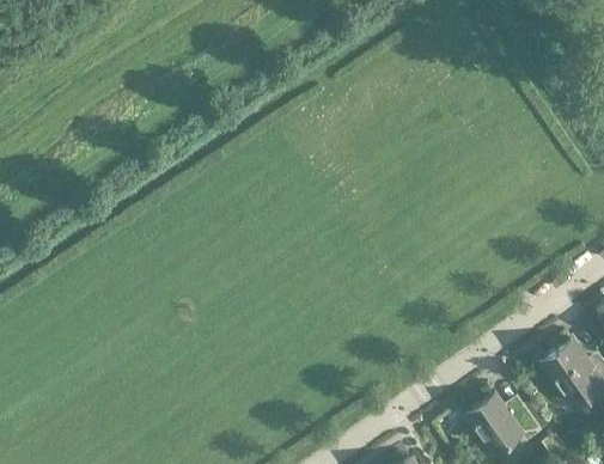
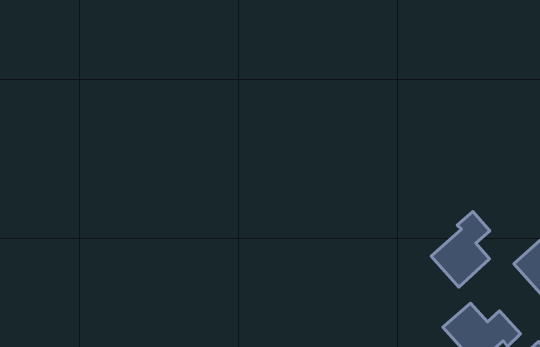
building: none -> [431,212,490,287]

